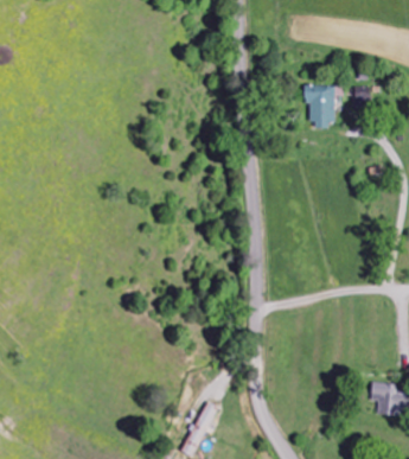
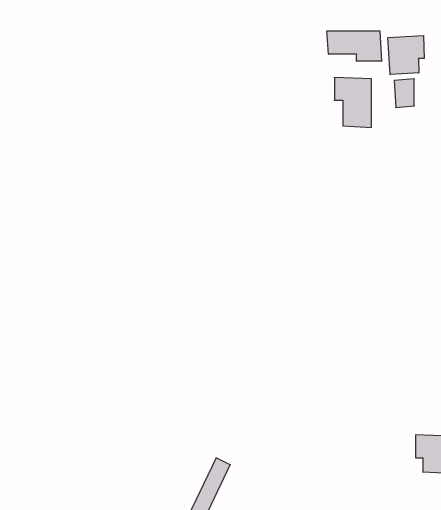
building: none -> [327,31,382,61]
building: none -> [388,36,424,75]

